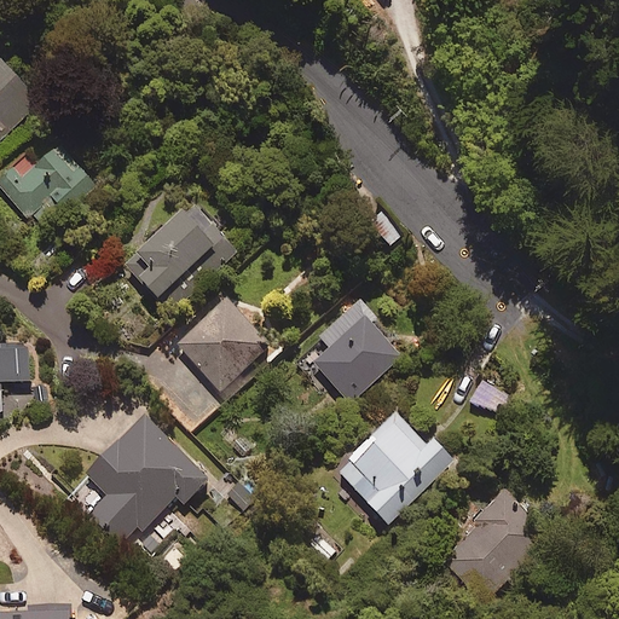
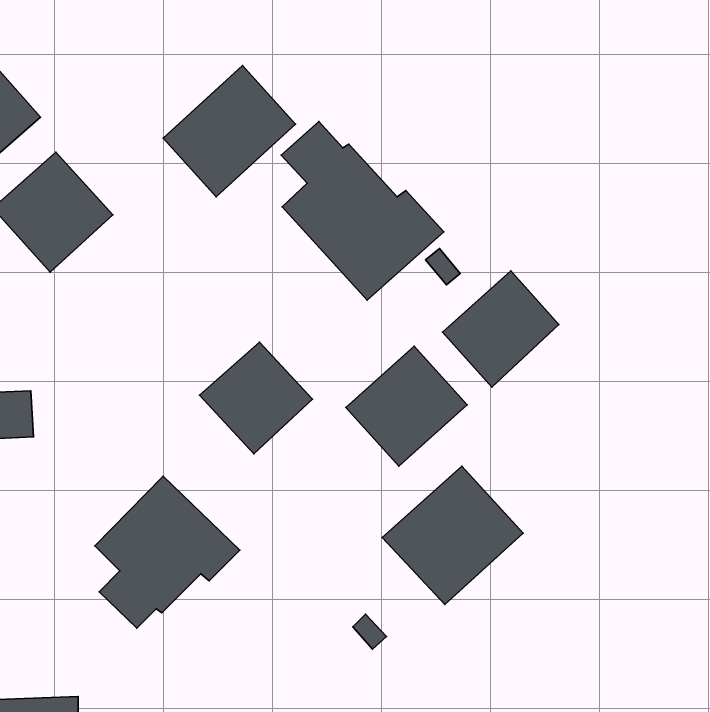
building: none -> [281,122,444,300]
building: [122,201,237,314] -> [163,65,296,197]
building: none -> [443,271,559,387]
building: [441,492,550,602] -> none

